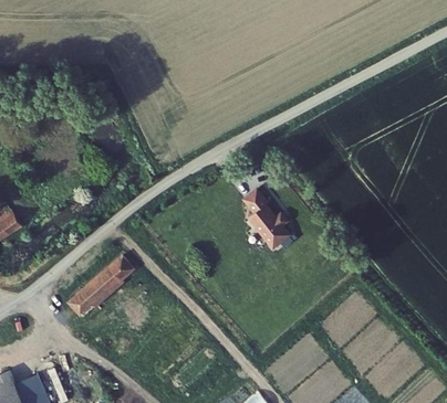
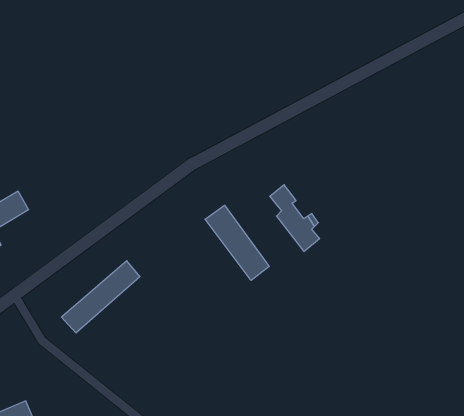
building: none -> [205,205,269,280]

